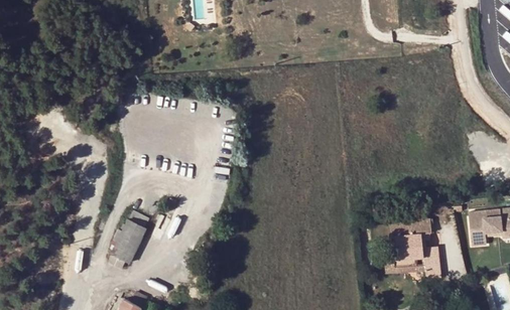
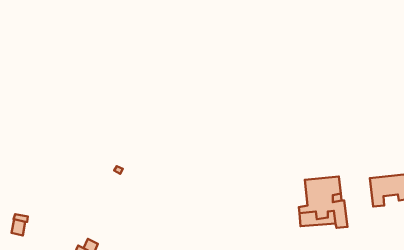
building: [107,208,149,267] -> none

